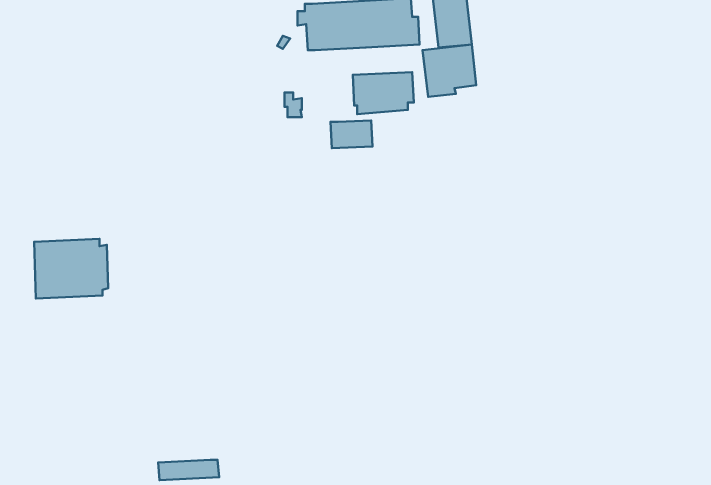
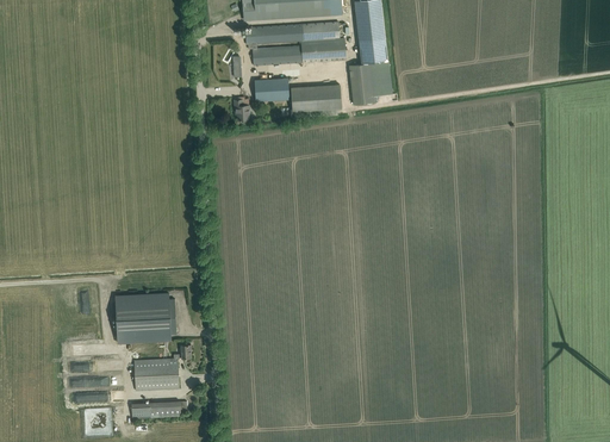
building: [331,121,373,148] -> [255,77,290,100]
building: [34,239,108,298] -> [116,293,176,342]
building: none -> [135,344,192,390]

